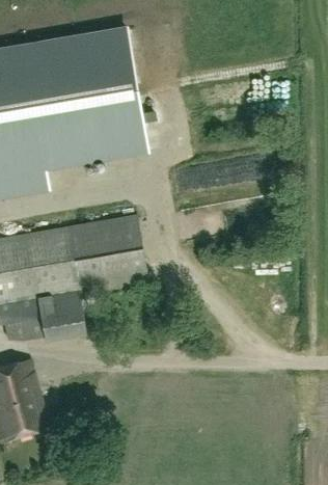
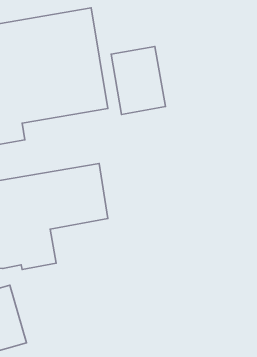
building: none -> [111,46,165,114]

